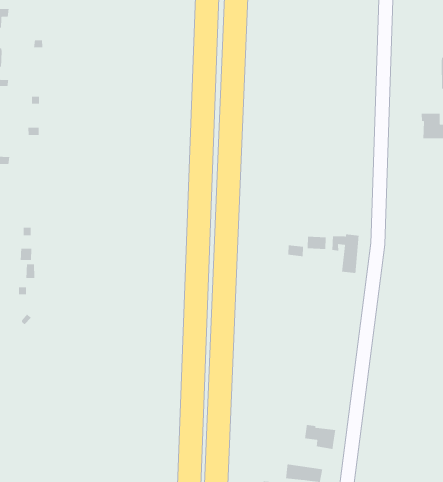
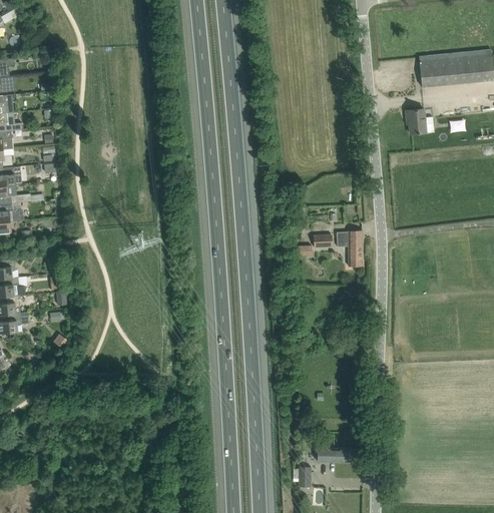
building: [304,424,336,450] -> none

